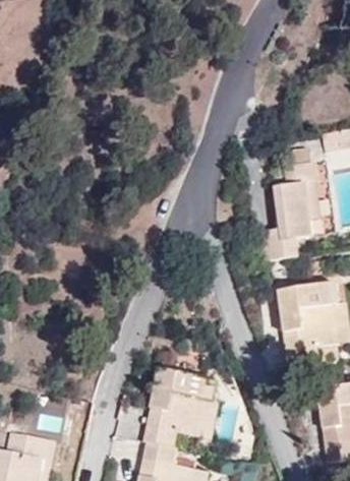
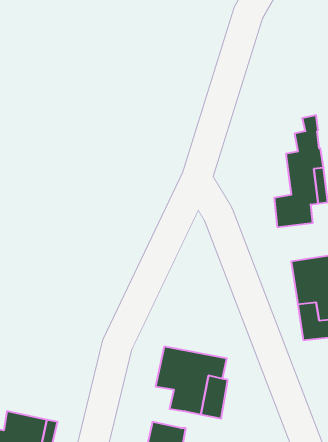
building: [143,408,177,447] -> none

